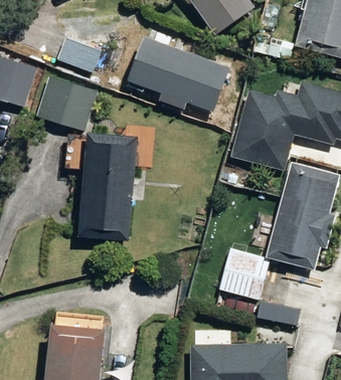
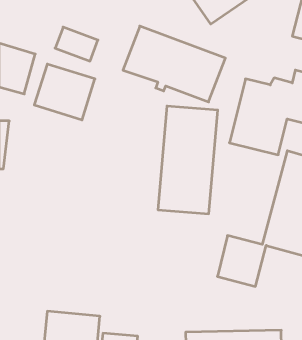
building: [77,134,138,242] -> [158,106,218,214]

